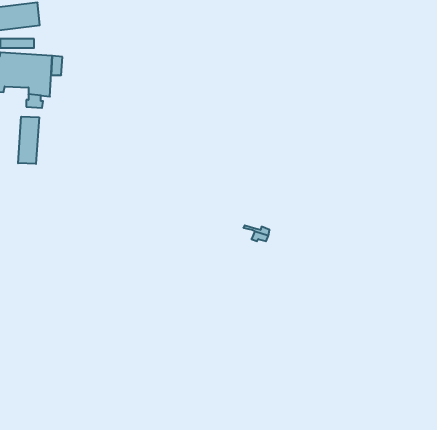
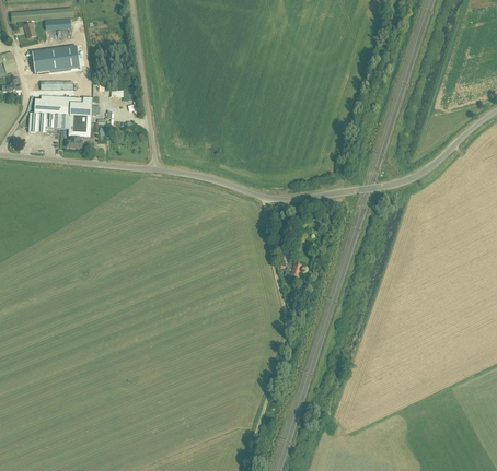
building: [18,117,39,164] -> none

